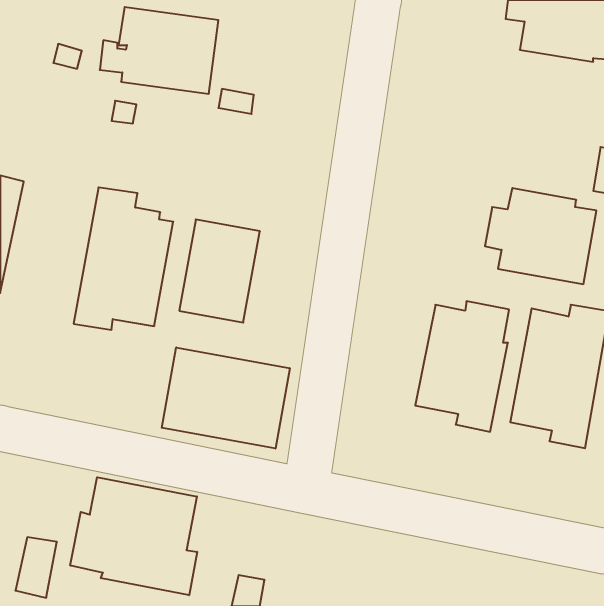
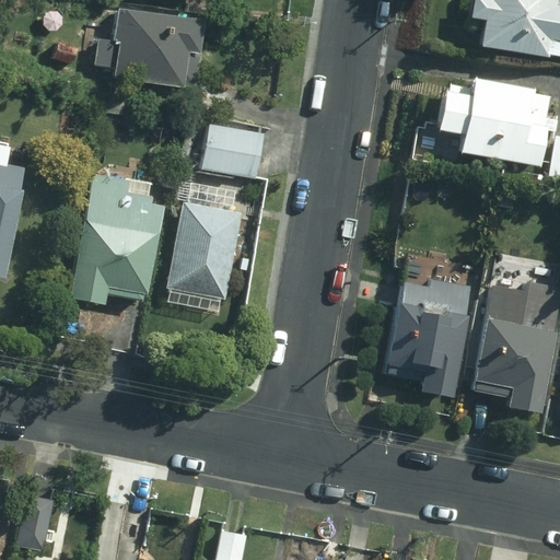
building: none -> [200,115,265,178]
building: [485,188,596,284] -> [450,77,552,165]
building: [162,347,290,449] -> none
building: [70,477,197,595] -> none

